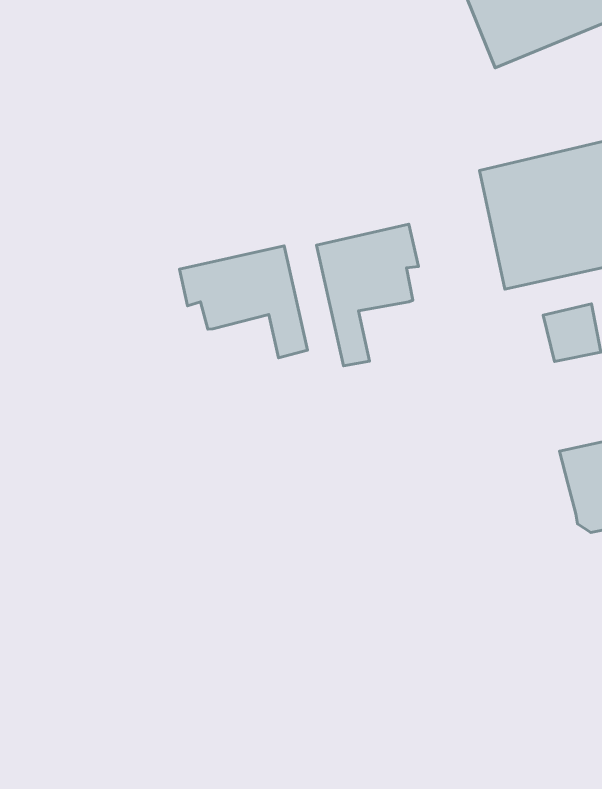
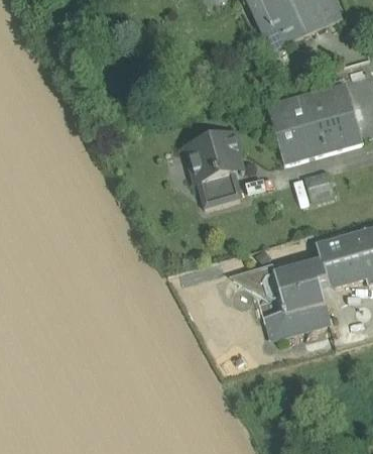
building: [180,246,308,358] -> none
building: none -> [211,173,243,204]
building: none -> [234,260,330,337]

